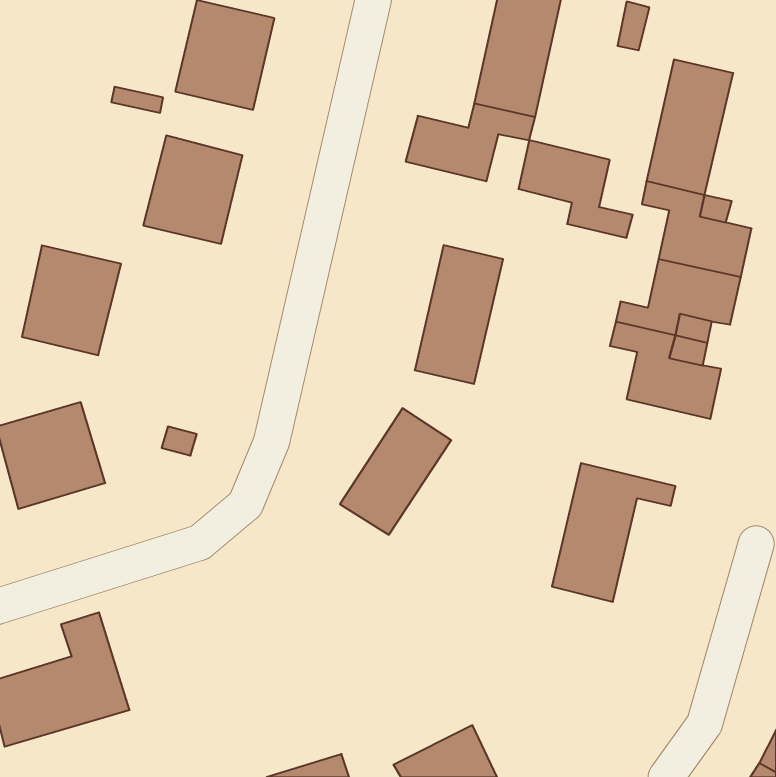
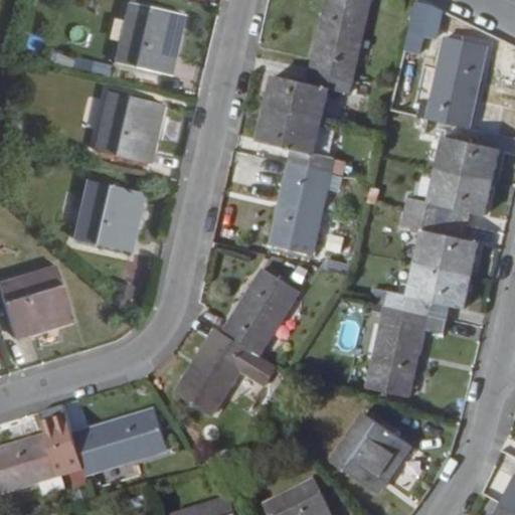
building: [518,140,633,238] -> [261,107,336,171]
building: [22,245,121,355] -> [75,178,141,250]
building: none -> [383,264,469,321]
building: none -> [178,329,277,413]
building: none -> [74,409,167,475]
building: none -> [331,417,406,493]

